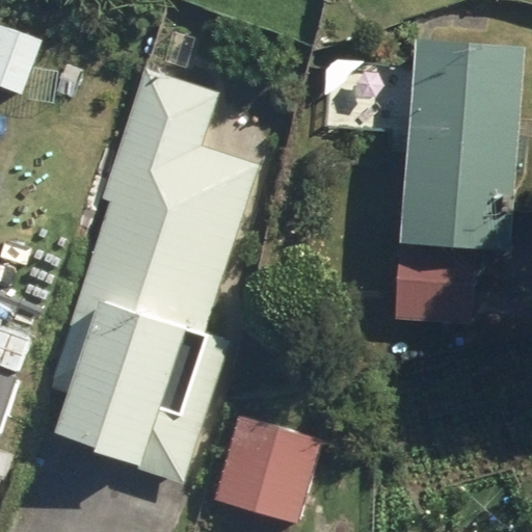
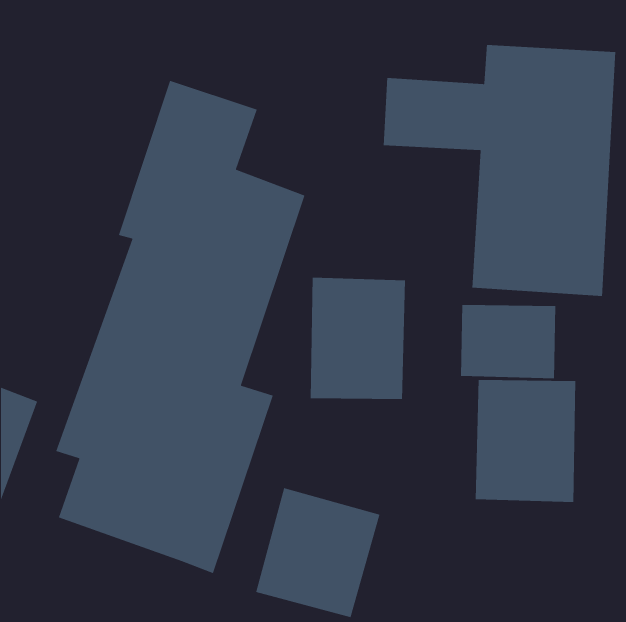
building: none -> [310,277,406,400]
building: none -> [475,379,576,503]

